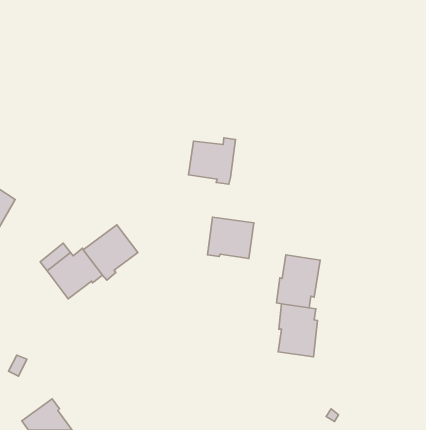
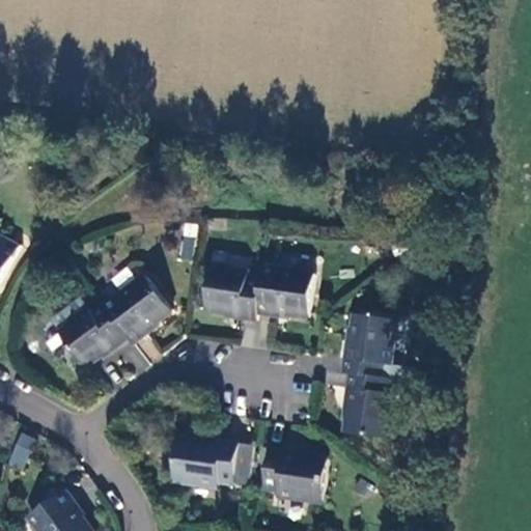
building: [189,138,236,184] -> [204,266,262,323]
building: none -> [171,438,254,486]
building: none -> [262,447,326,503]

